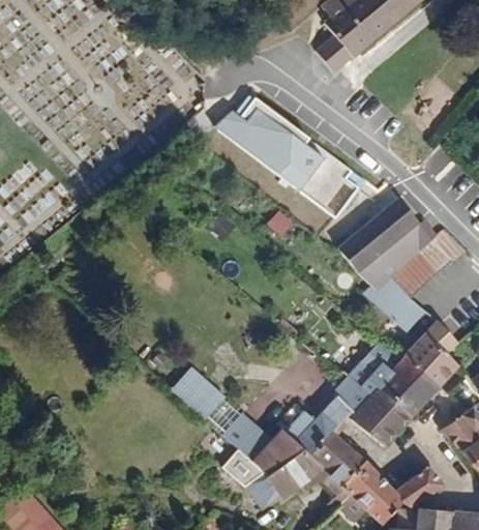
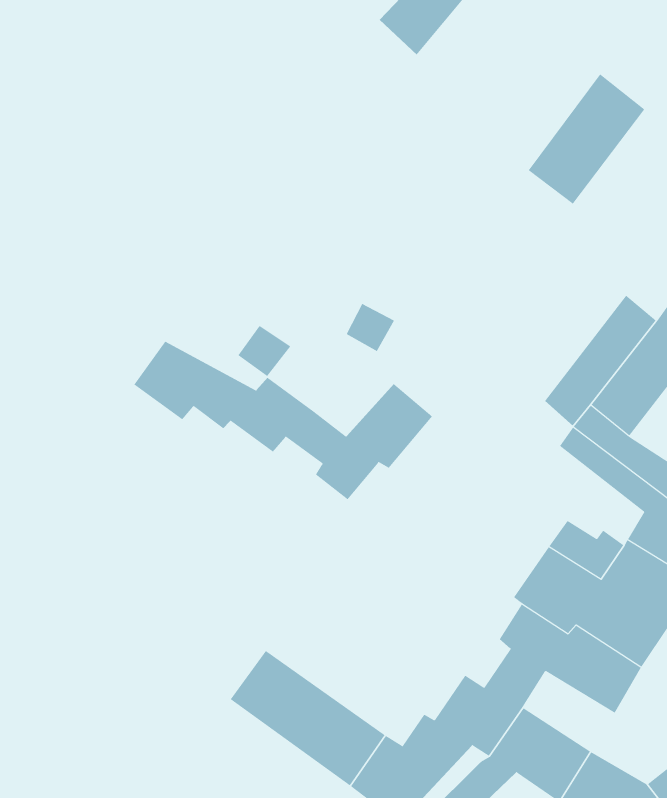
building: [218,84,363,210] -> none
building: [349,202,418,271] -> [528,73,645,205]
building: none -> [133,341,433,500]

